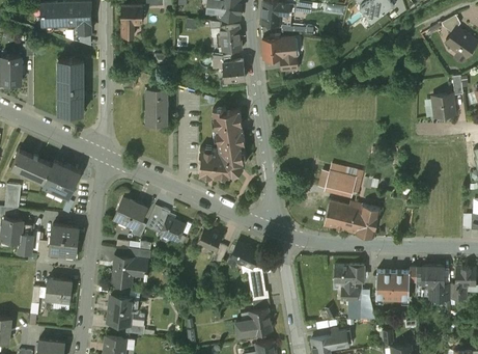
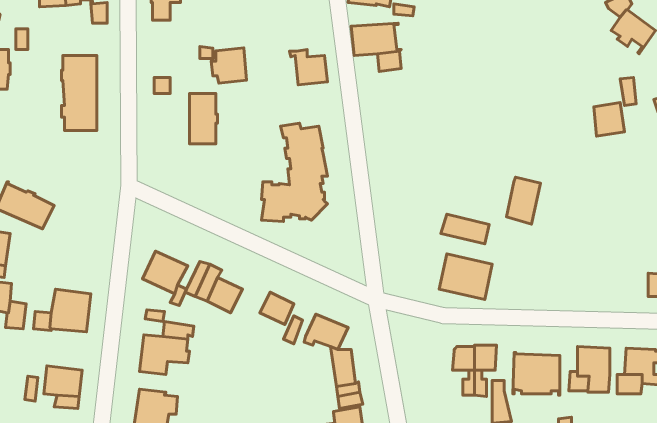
building: [217,26,242,51] -> [211,48,247,83]
building: [43,160,82,199] -> none
building: [356,205,379,238] -> [507,177,540,224]

